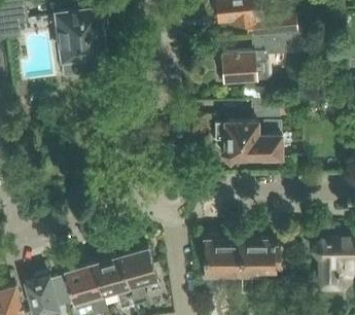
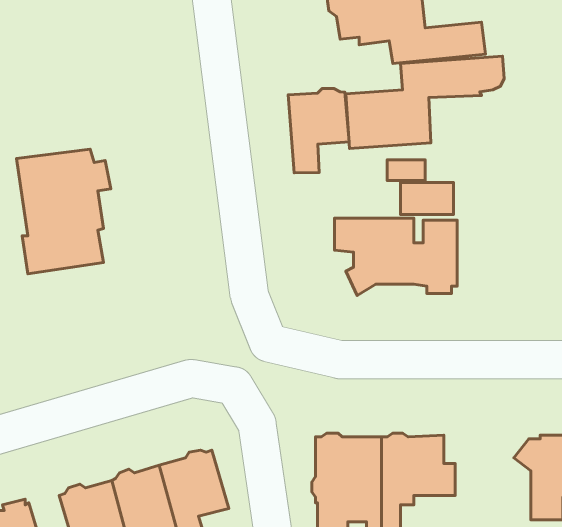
building: [58,8,109,76] -> [17,149,111,274]
building: none -> [288,88,349,173]

